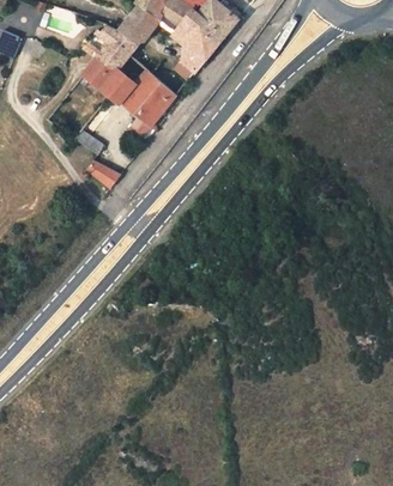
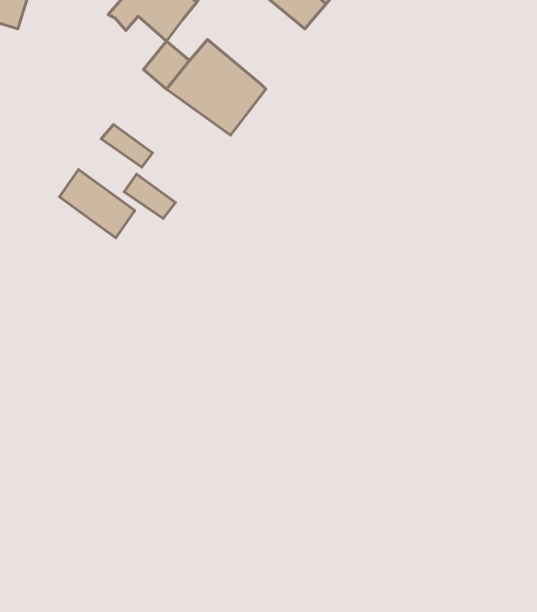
building: [174,48,207,83] -> none
building: [78,50,114,86] -> none
building: none -> [60,170,135,238]

